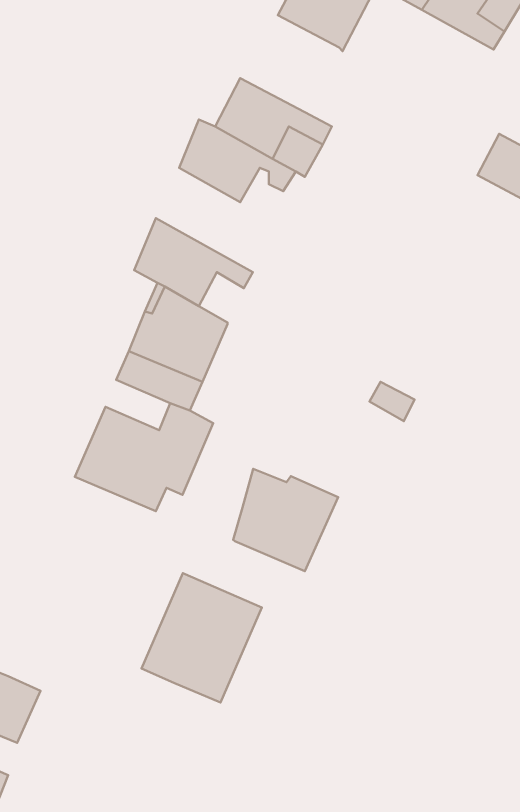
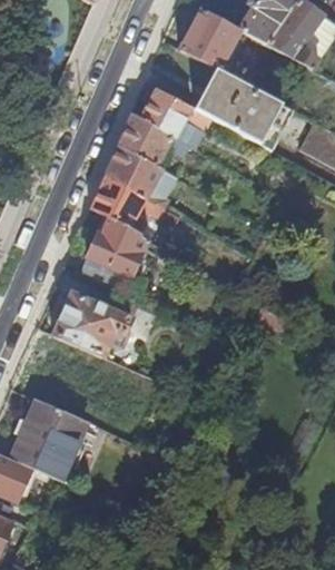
building: none -> [196,68,288,146]
building: none -> [104,142,177,207]
building: [233,469,338,571] -> none
building: [142,573,262,703] -> [12,399,87,479]

